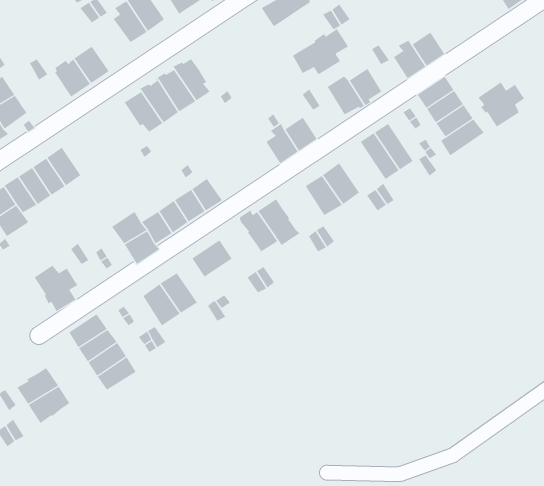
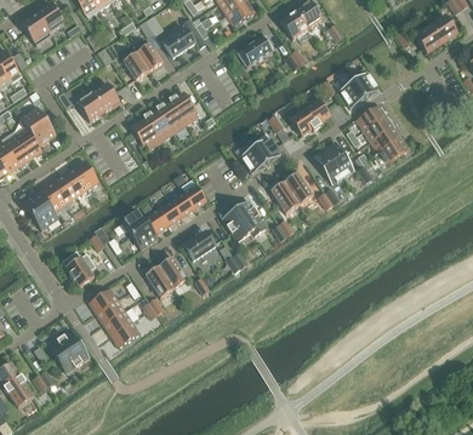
building: [292,28,349,75] -> none
building: [477,81,525,127] -> none

